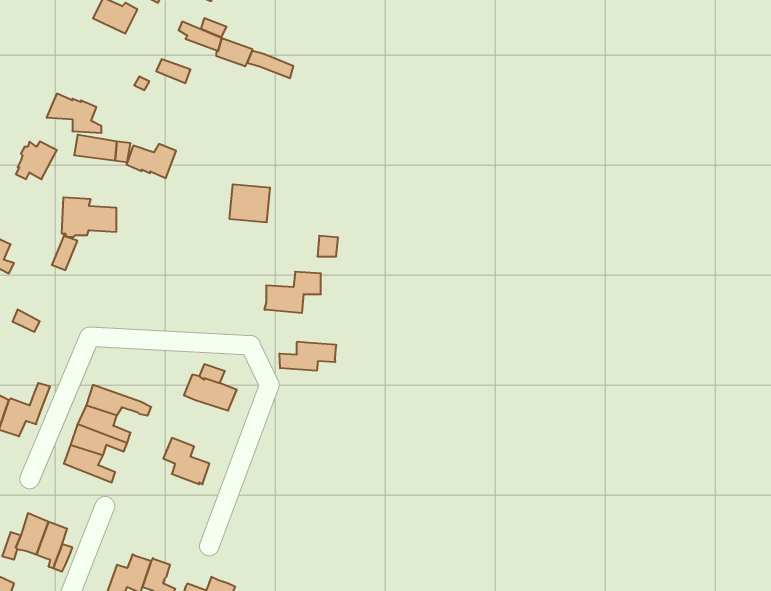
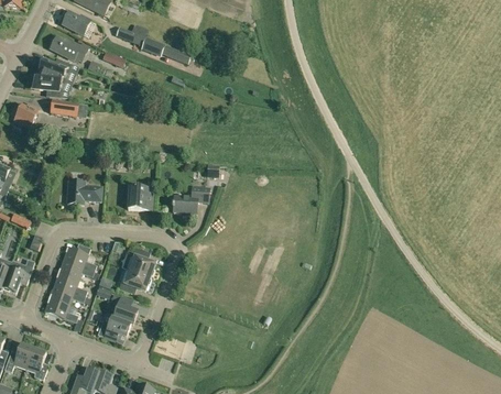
building: none -> [51,36,89,59]
building: [126,144,176,178] -> [40,59,72,81]
building: [229,184,270,222] -> [128,186,154,210]
building: [62,197,116,237] -> [67,179,102,205]
building: [280,342,336,371] -> none
building: none -> [63,243,96,271]
building: none -> [119,270,150,294]
building: none -> [98,317,131,341]

